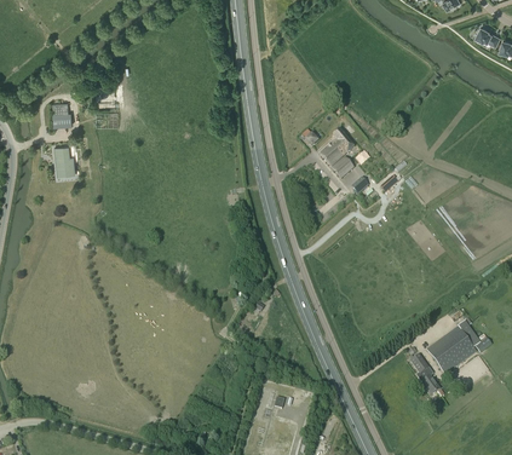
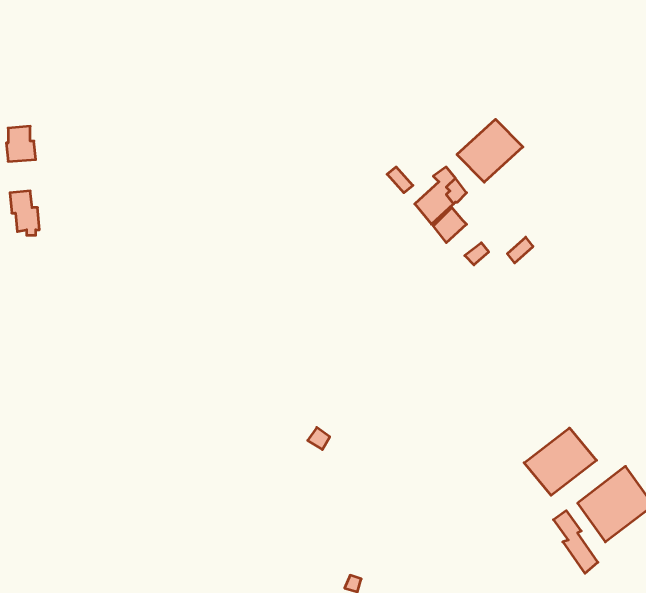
building: none -> [457,119,523,182]
building: none -> [524,428,597,495]

